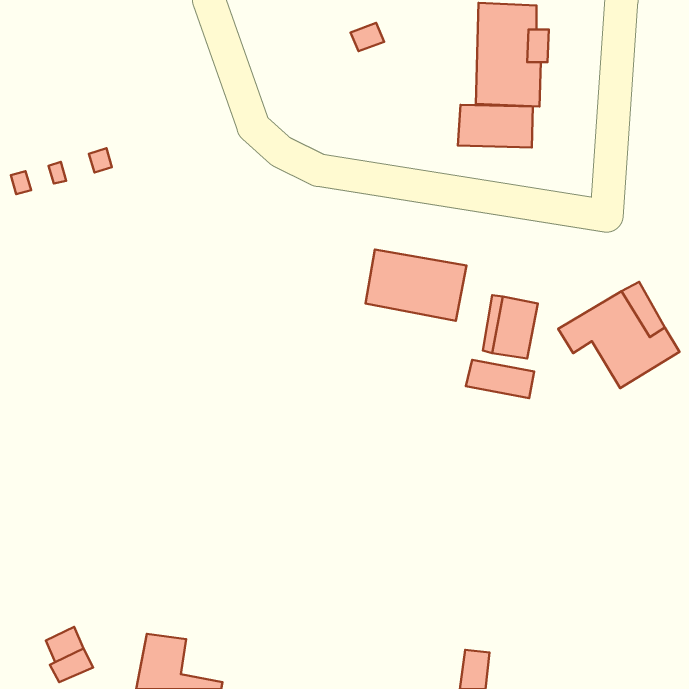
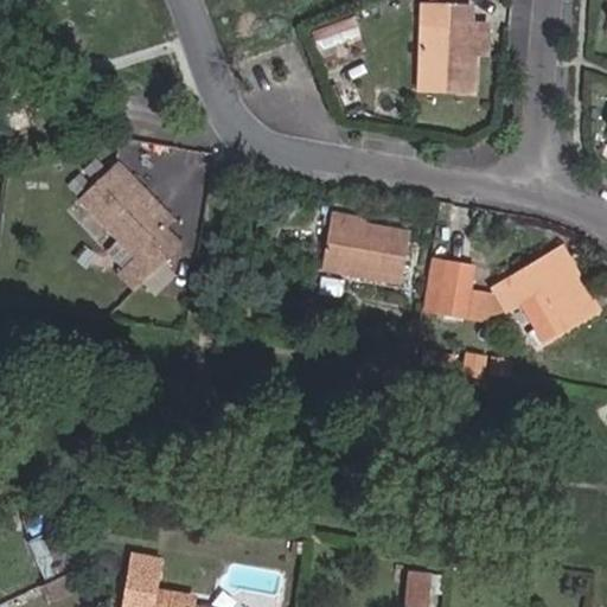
building: [458,105,533,148] -> none
building: none -> [68,161,181,289]
building: [466,360,534,398] -> none

